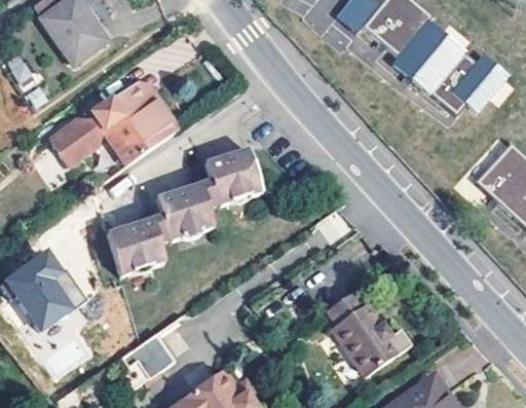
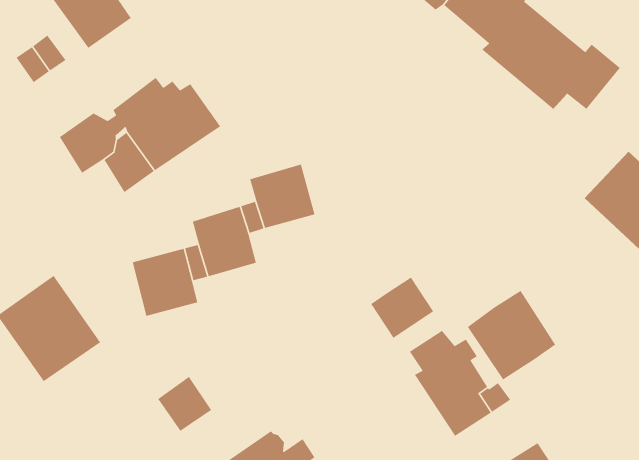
building: none -> [370,277,434,339]
building: none -> [467,290,556,380]

